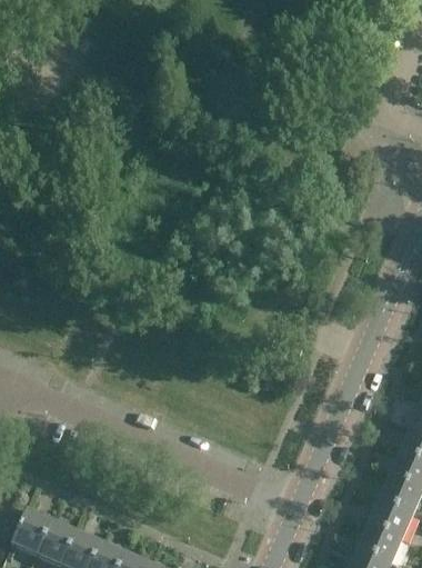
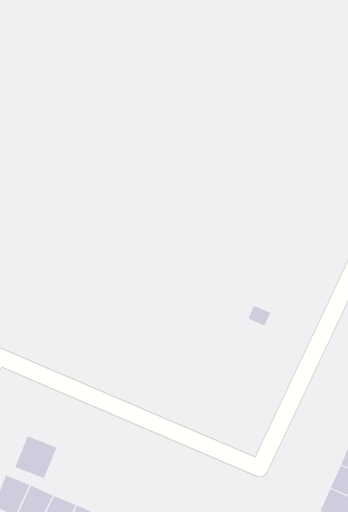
building: none -> [15,435,57,479]

